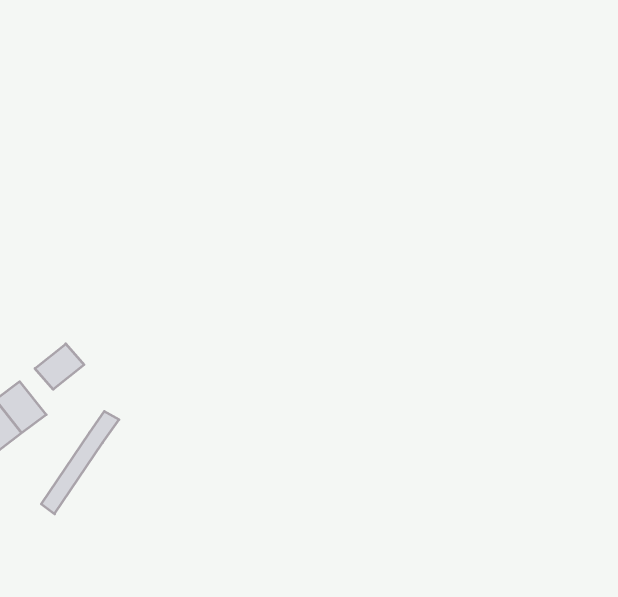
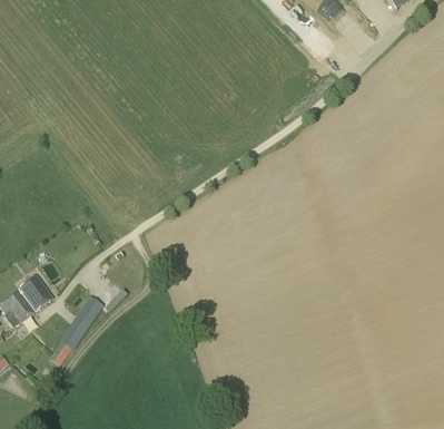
building: [35,344,84,389] -> none

